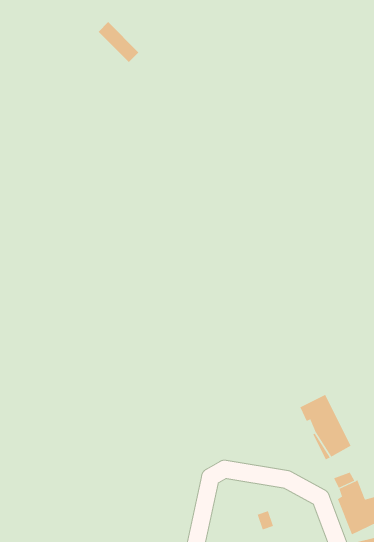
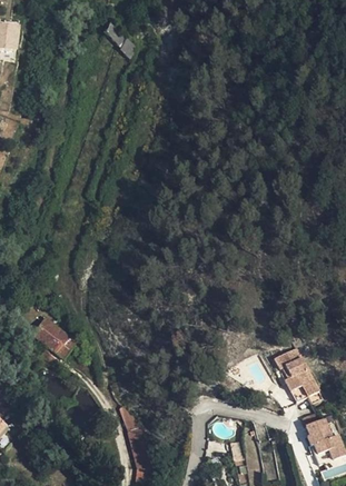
building: none -> [32,317,79,358]

